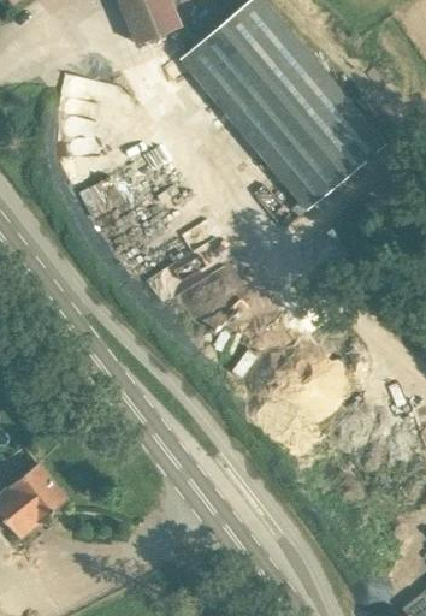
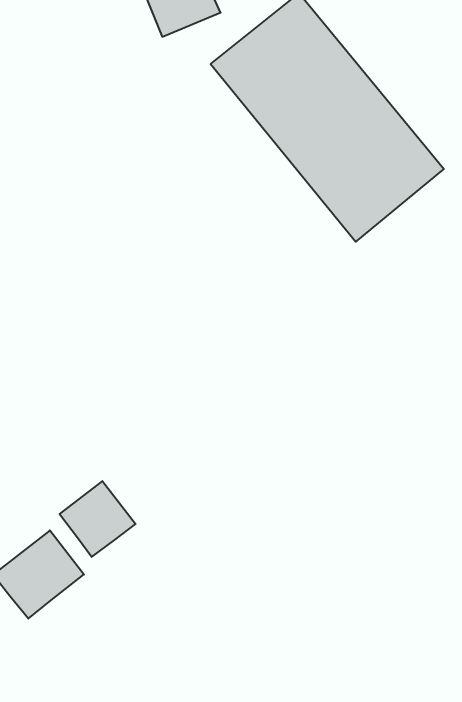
building: none -> [60,481,136,557]

